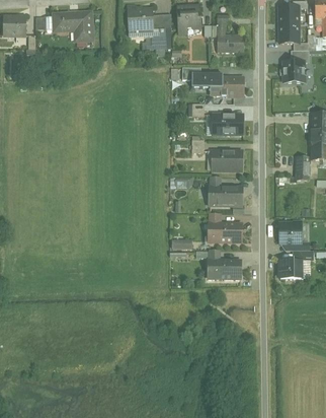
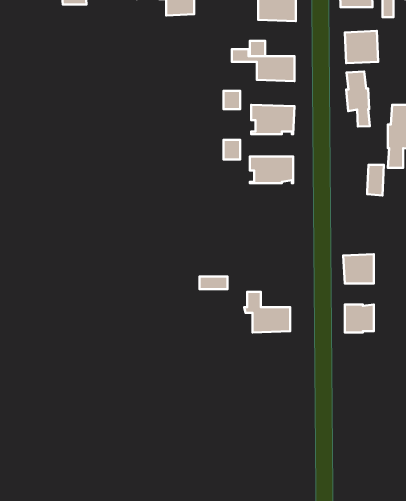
building: none -> [346,72,370,127]
building: [208,176,241,205] -> none
building: [208,212,241,241] -> none

